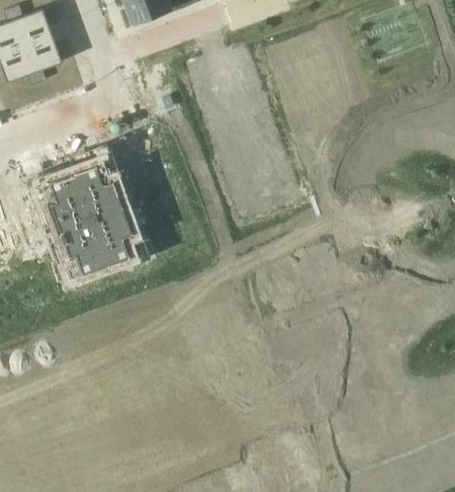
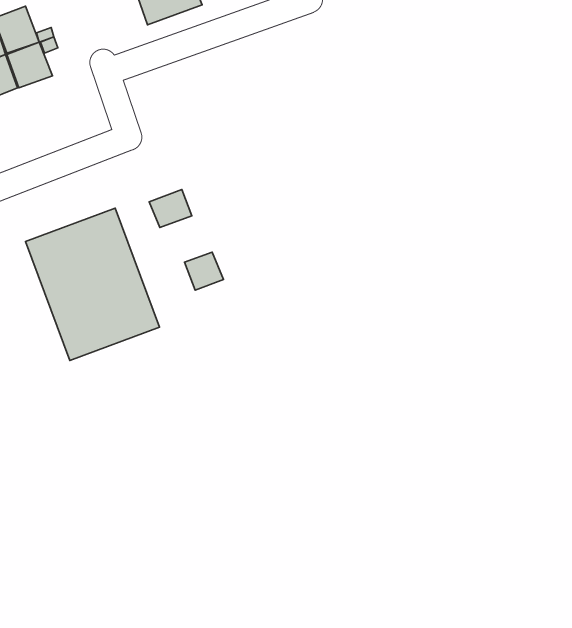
building: none -> [149,189,192,227]
building: none -> [185,252,224,290]

